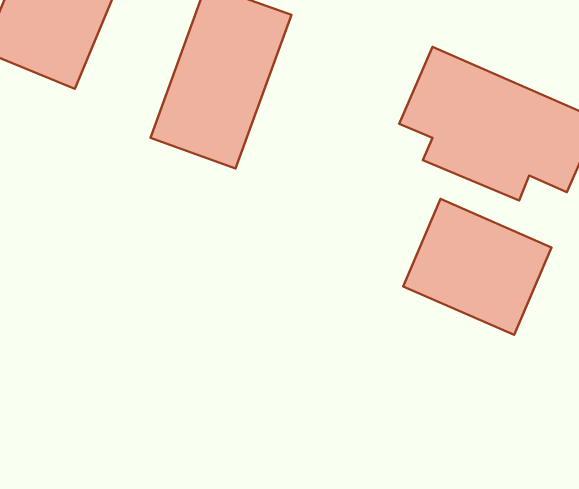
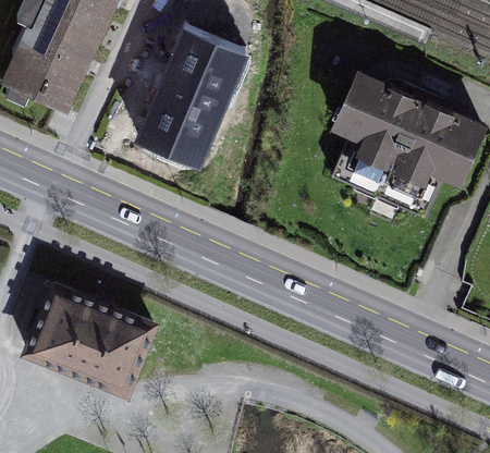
building: [403,199,552,335] -> none
building: none -> [26,286,150,393]

